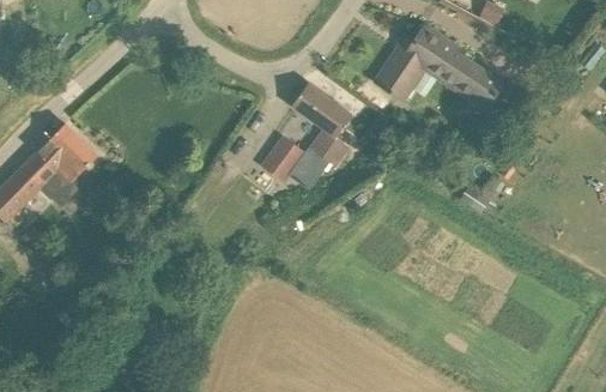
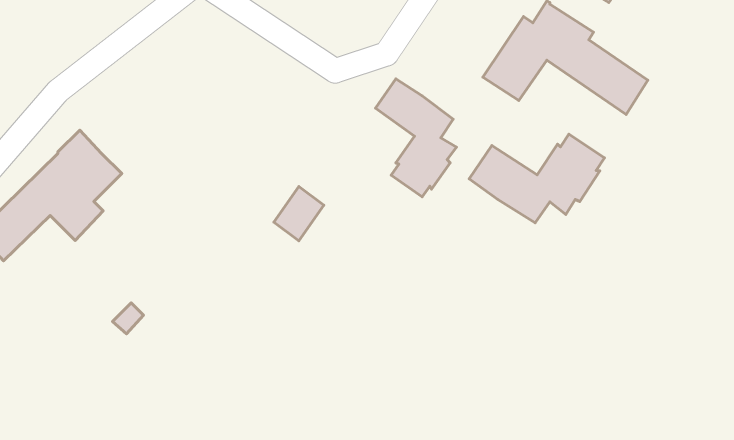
building: none -> [469,134,604,223]
building: [263,138,302,180] -> [274,187,324,241]

